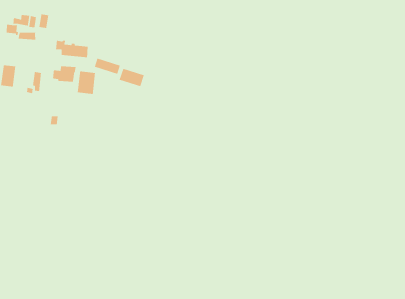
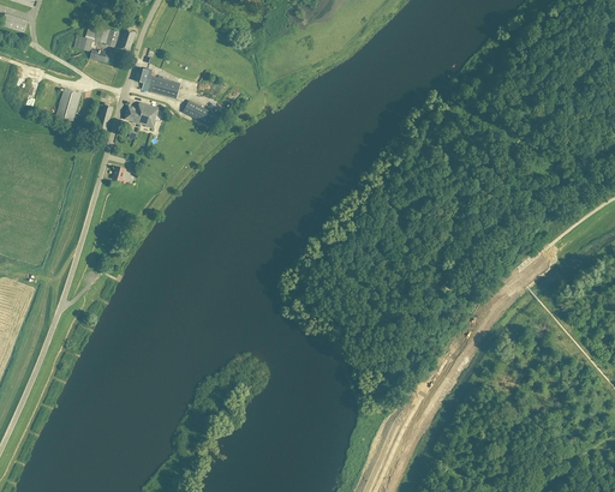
building: [119,68,145,87] -> none
building: [77,70,96,95] -> none

